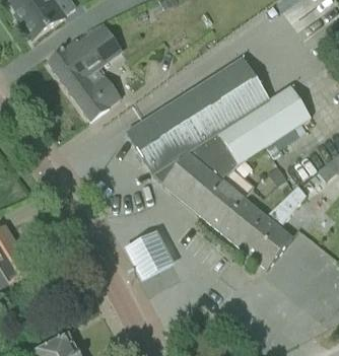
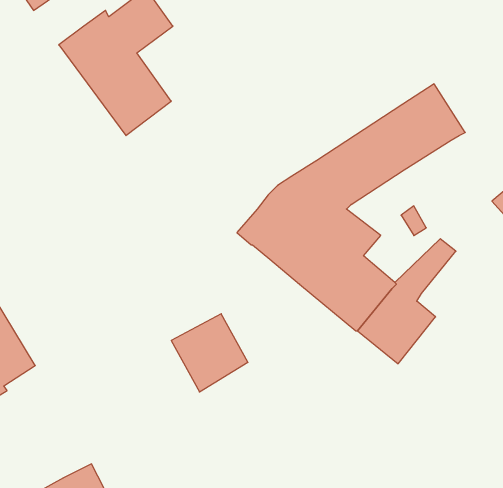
building: [126,57,269,173] -> none

